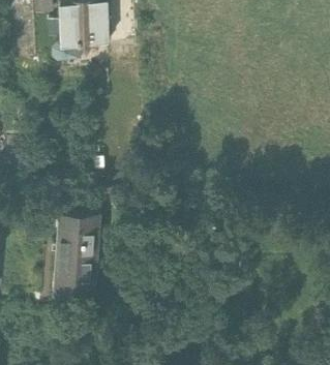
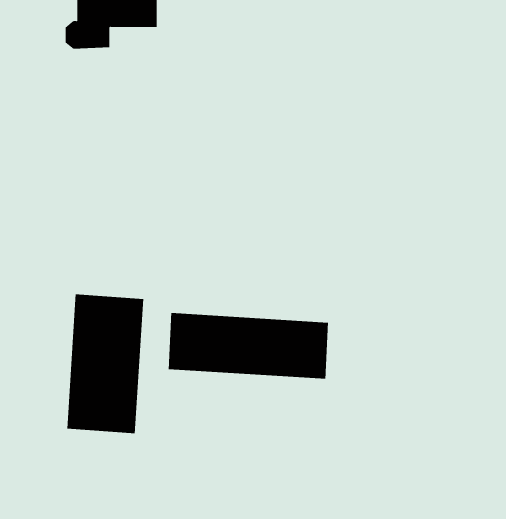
building: none -> [168,312,329,380]

